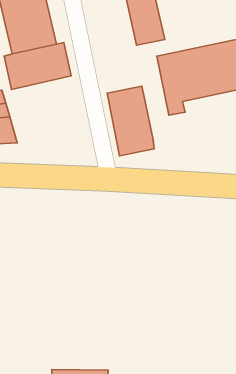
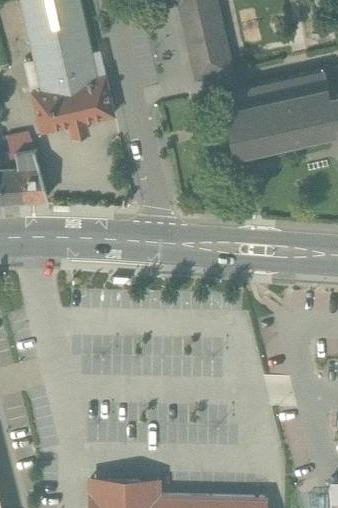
building: [107,86,154,156] -> none

